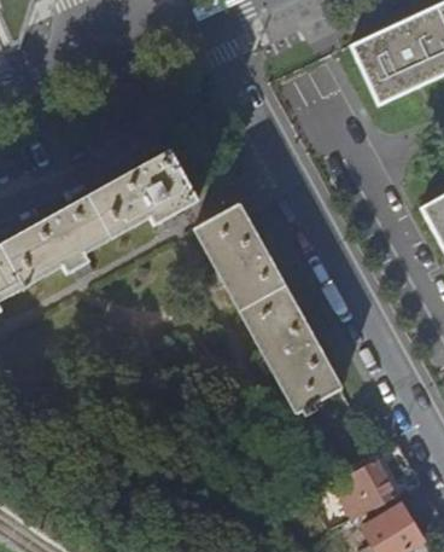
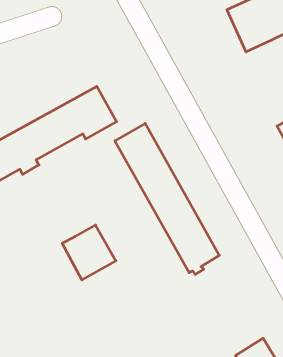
building: none -> [62,225,116,280]
building: [334,459,398,518] -> none

